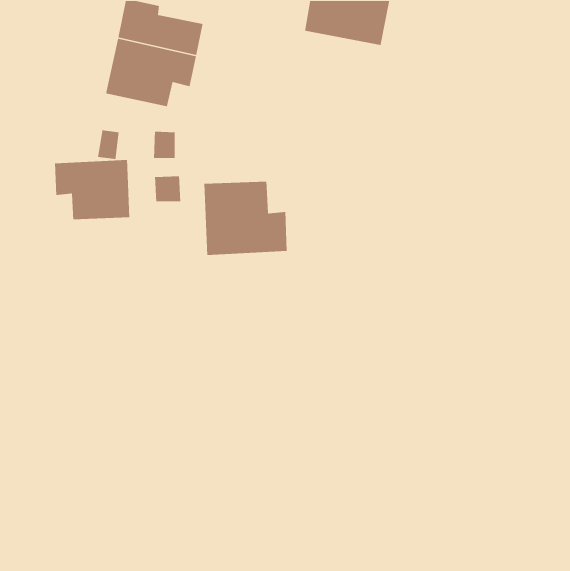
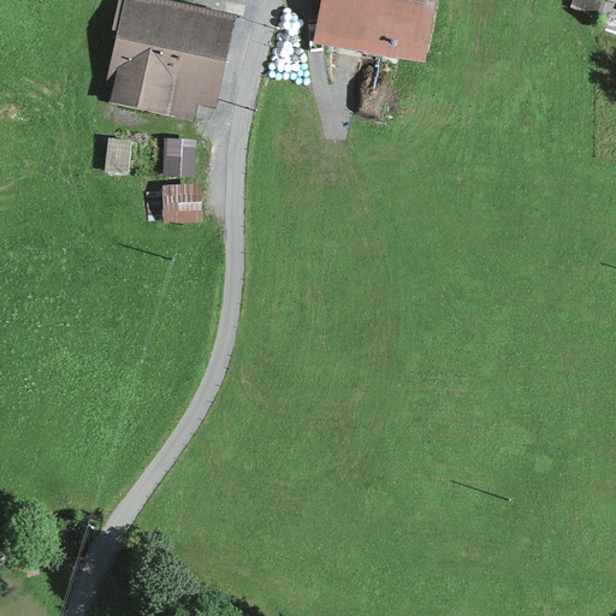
building: [54,159,130,220] -> none
building: [203,181,288,256] -> none

